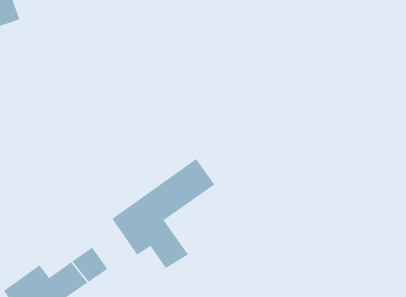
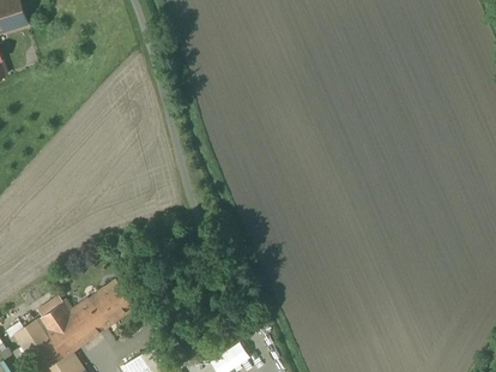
building: [112,158,215,269] -> none

